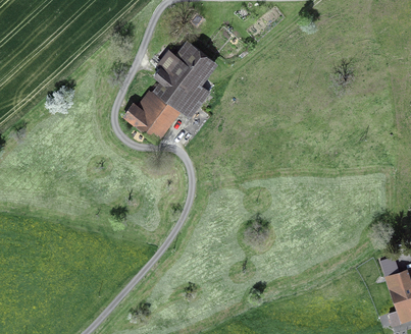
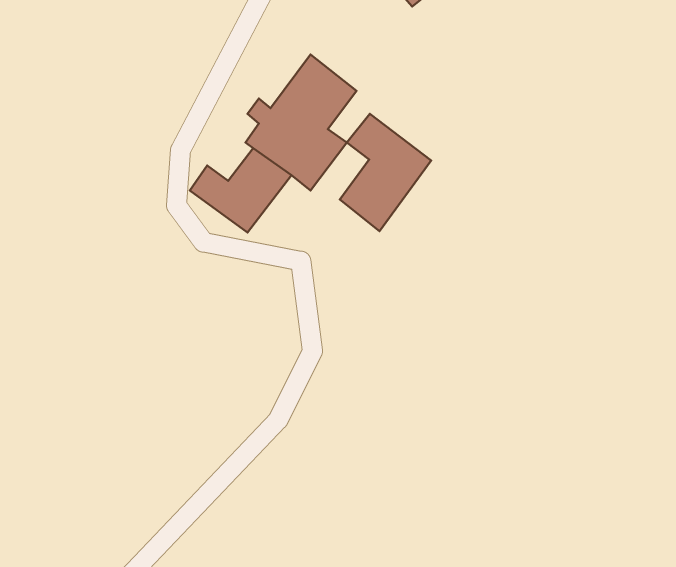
building: none -> [340,114,431,231]

